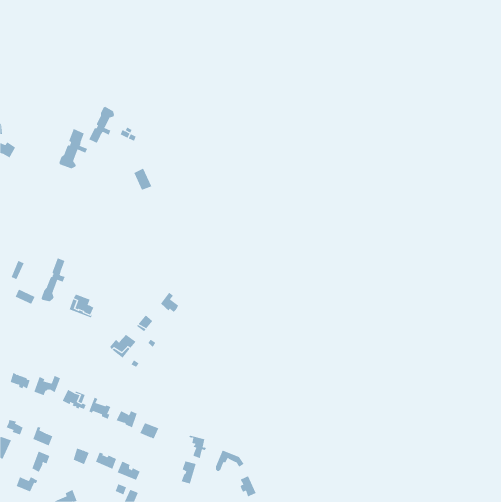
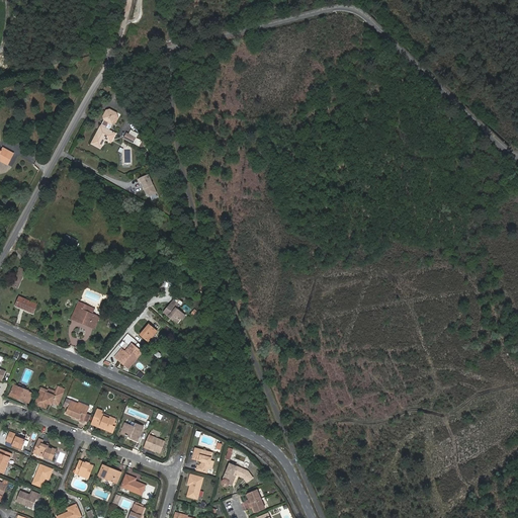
building: [59,128,88,169] -> none
building: [41,257,66,302] -> none

